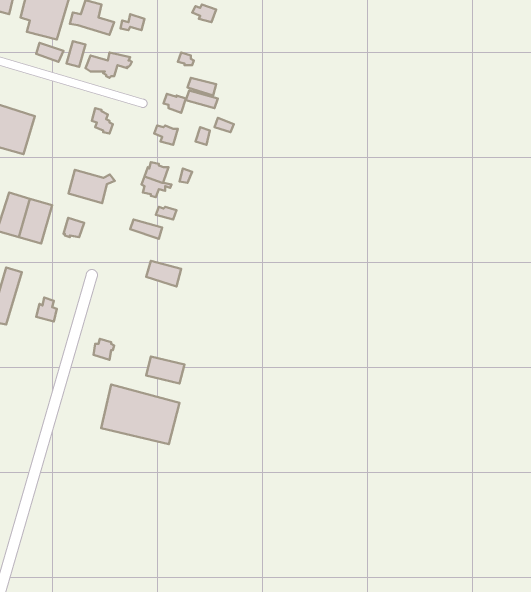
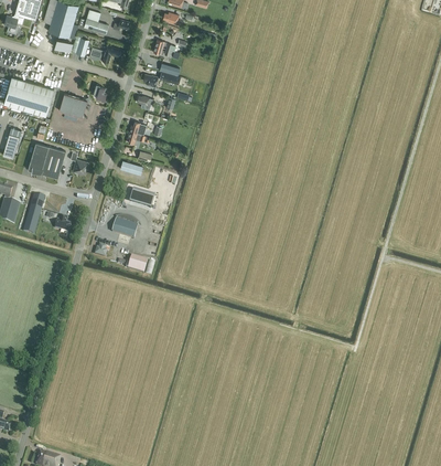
building: [69,170,115,203] -> [60,94,92,117]
building: none -> [112,215,140,239]
building: [101,384,180,444] -> none

